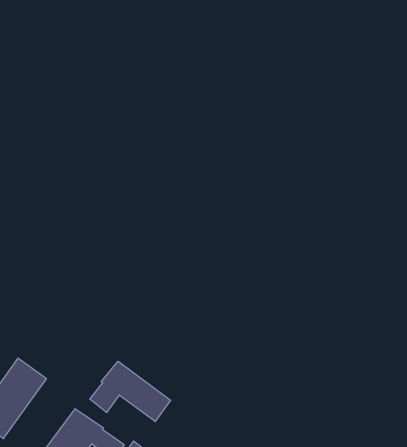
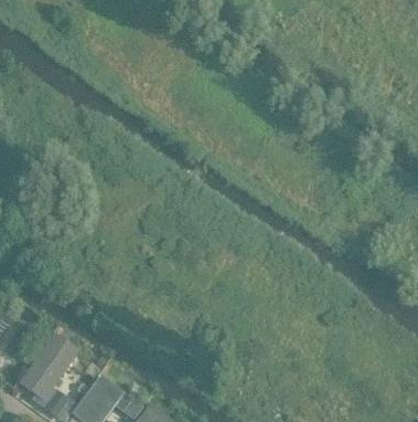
building: [90,361,171,422] -> none

